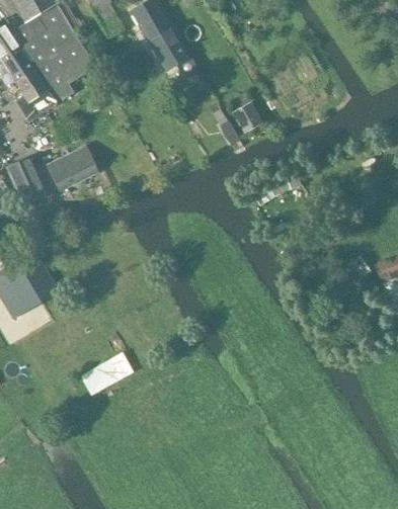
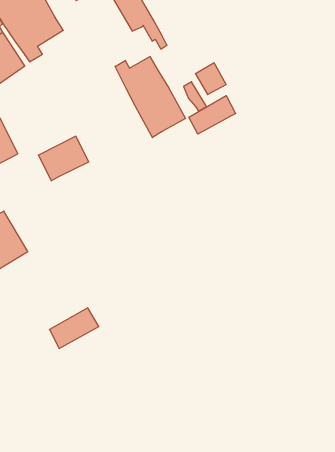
building: none -> [115,57,185,138]
building: none -> [189,96,236,134]
building: [47,145,98,190] -> [38,136,89,181]

